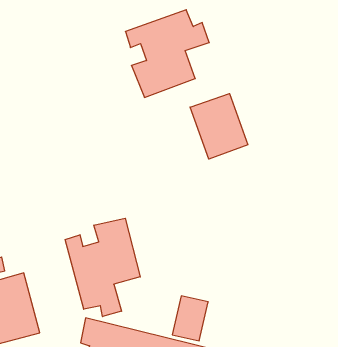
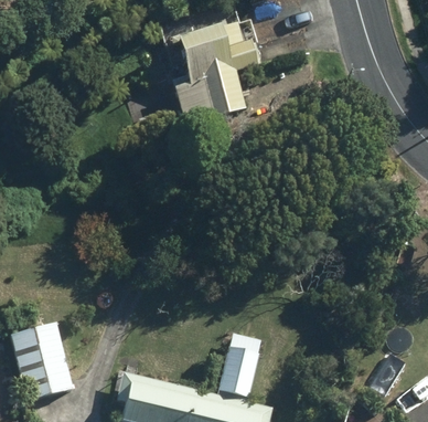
building: [190,94,248,159] -> none
building: [65,218,140,317] -> none

